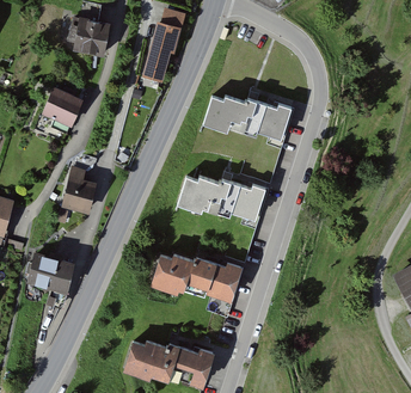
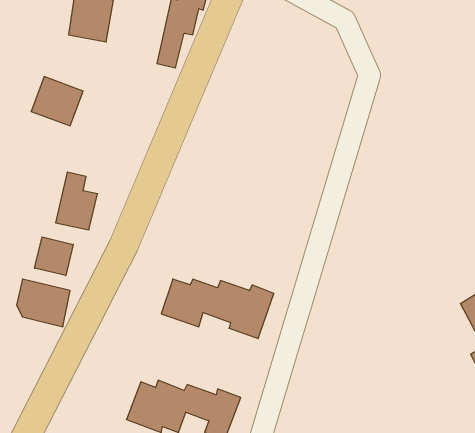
building: [203,97,294,142] -> none
building: [177,176,266,222] -> none
building: none -> [35,237,73,276]

